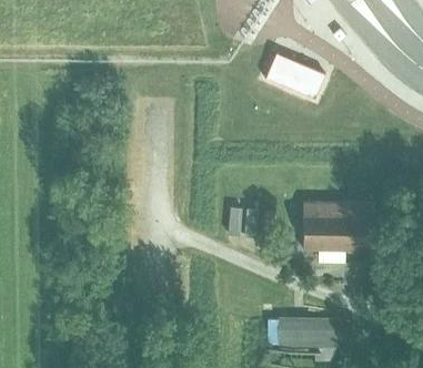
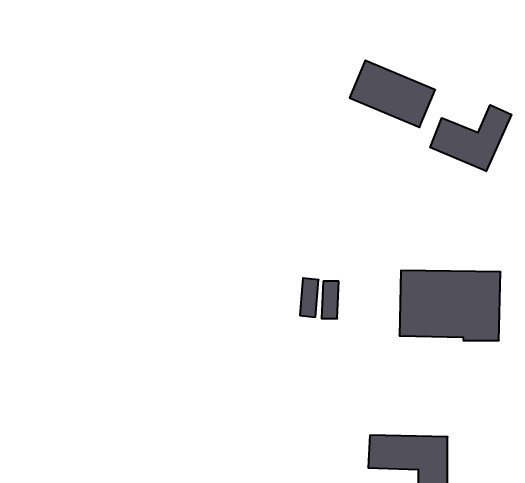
building: none -> [430,105,511,171]

